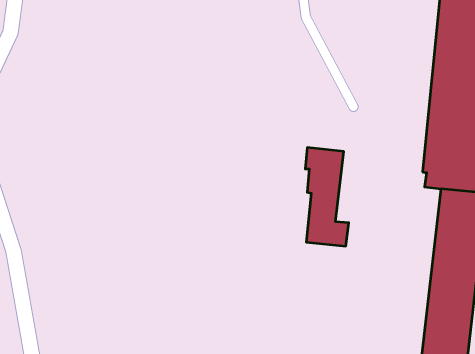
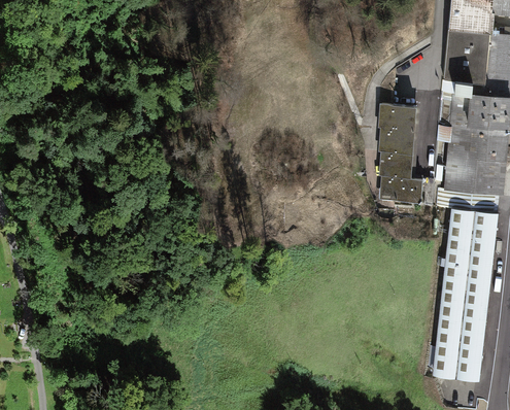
building: [305,148,349,246] -> [378,101,422,201]

